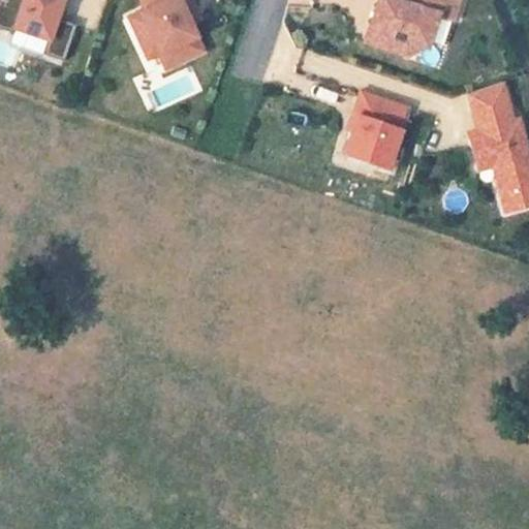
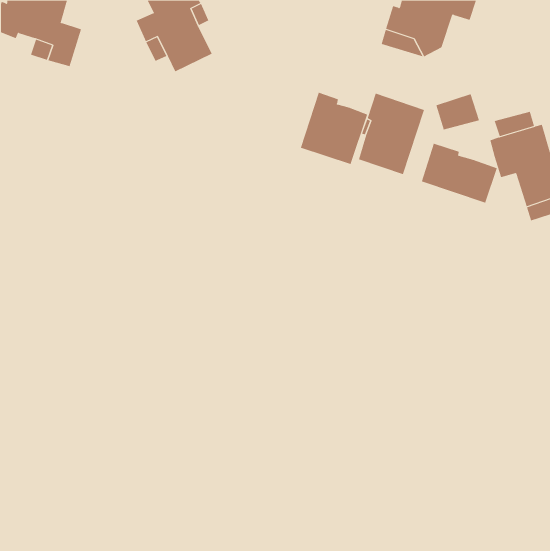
building: [467,81,509,116] -> [436,93,480,130]
building: none -> [300,92,368,165]
building: none -> [421,143,497,203]

